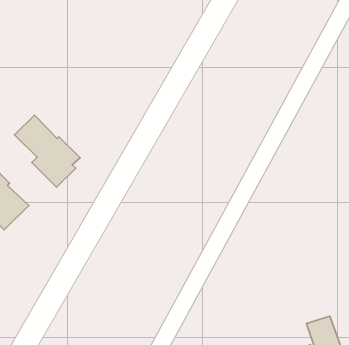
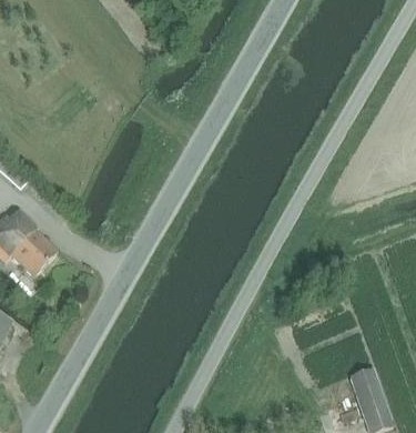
building: [15,115,80,187] -> none

